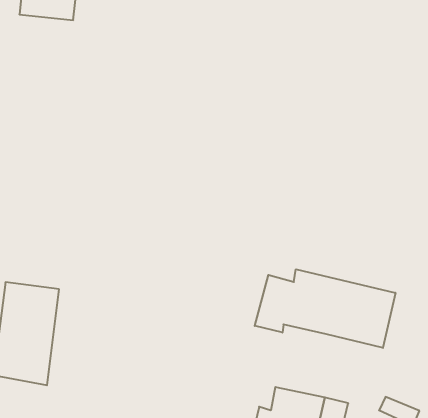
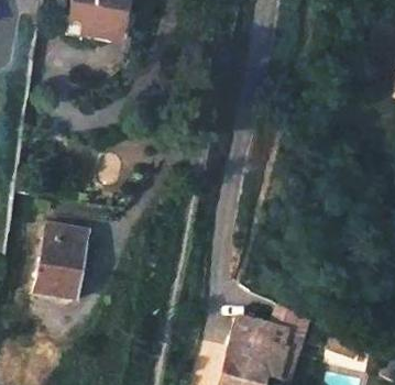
building: [255,269,395,348] -> none

